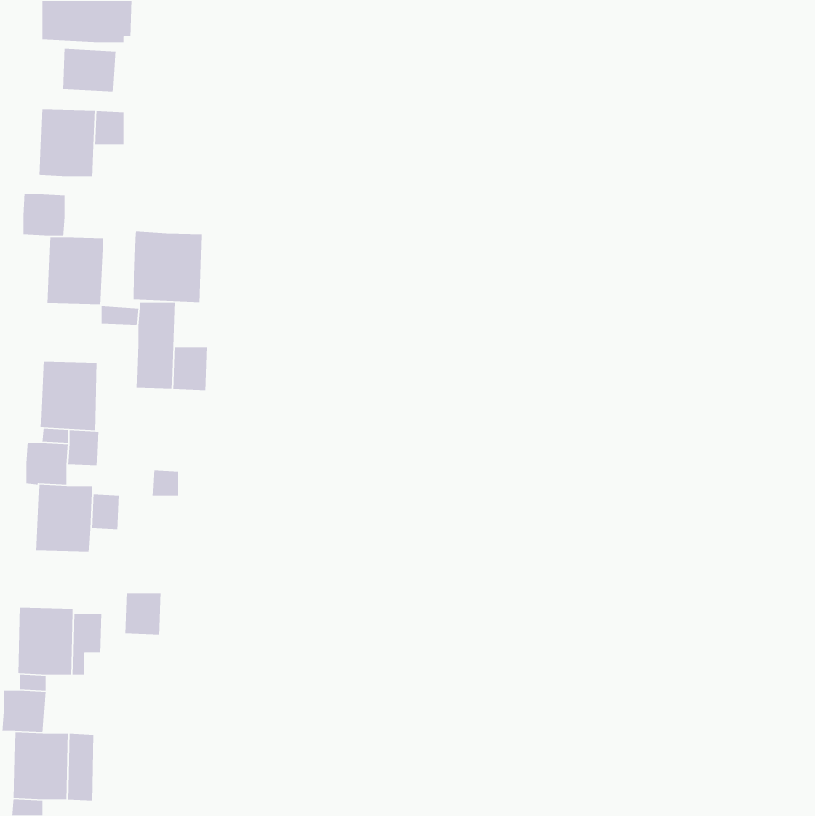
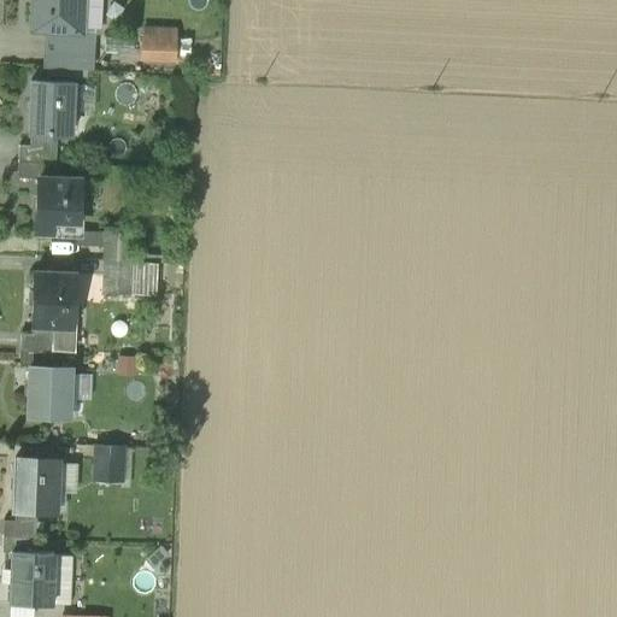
building: none -> [140,25,178,63]
building: [133,231,202,303] -> none

